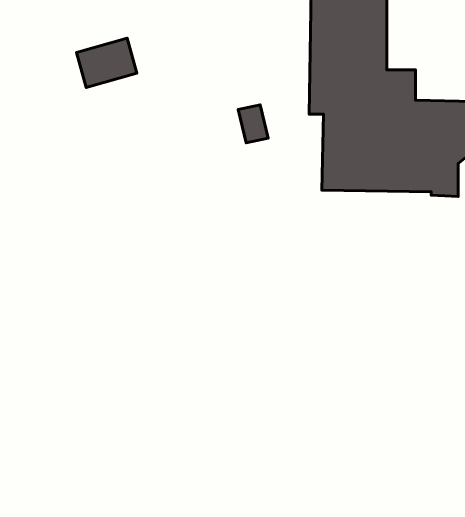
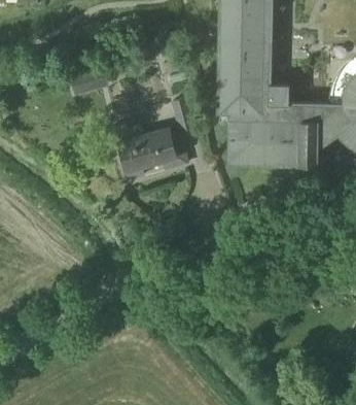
building: none -> [110,127,187,181]

